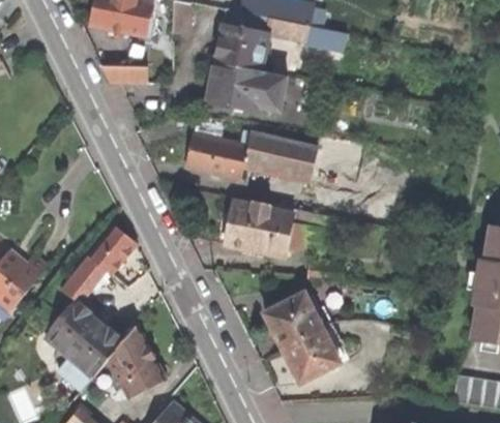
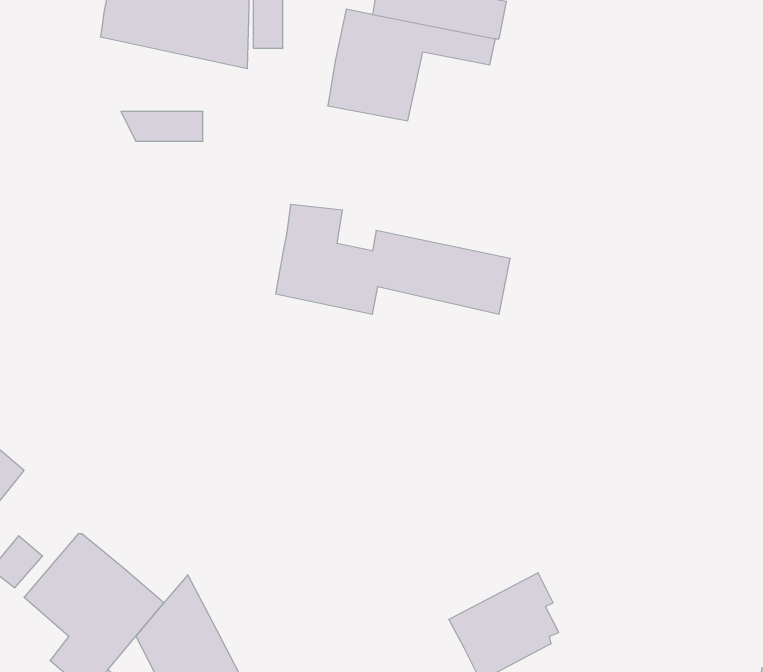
building: [303,26,344,55] -> none
building: [206,63,284,111] -> none
building: [224,201,293,255] -> none
building: [61,225,135,301] -> none
building: [264,293,331,349] -> none

